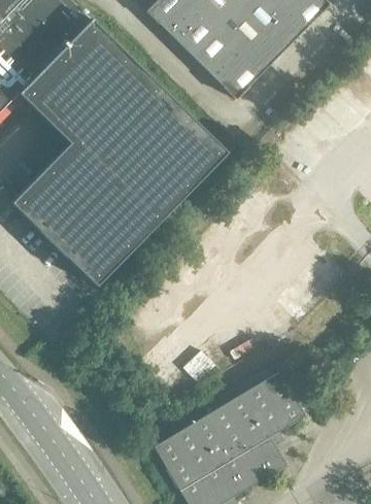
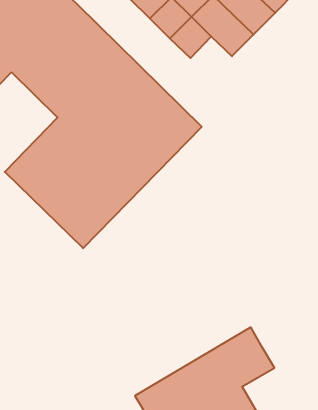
building: [214,53,260,99] -> none

